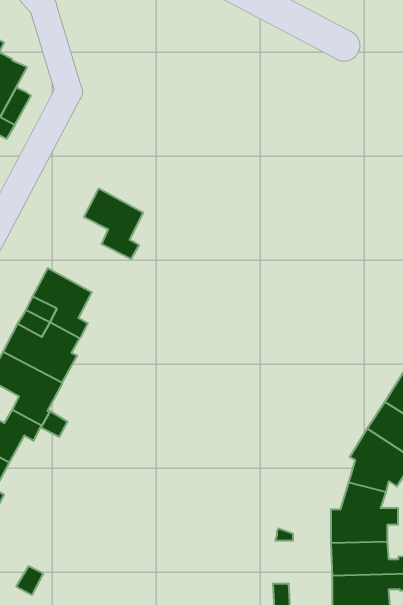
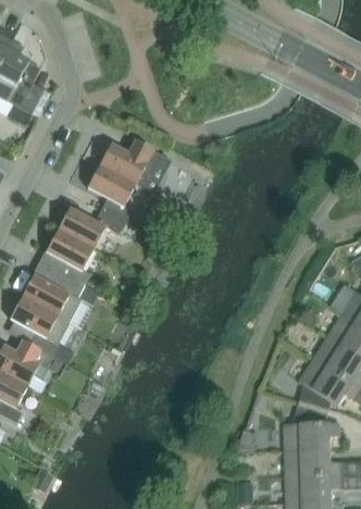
building: none -> [99,139,171,193]
building: none -> [58,207,125,248]

